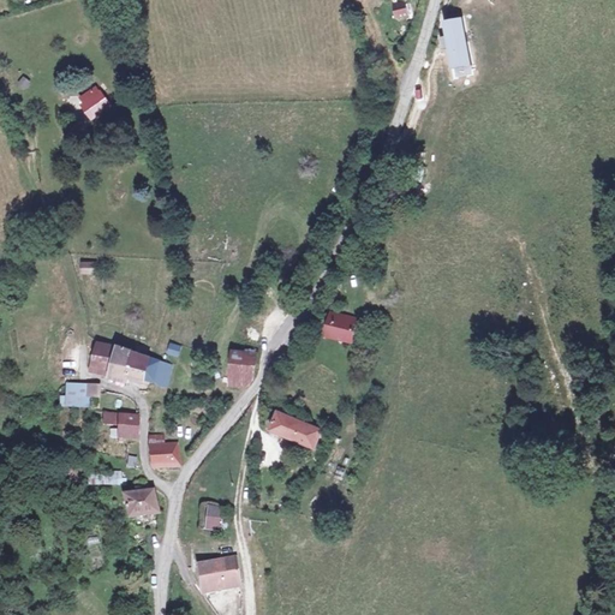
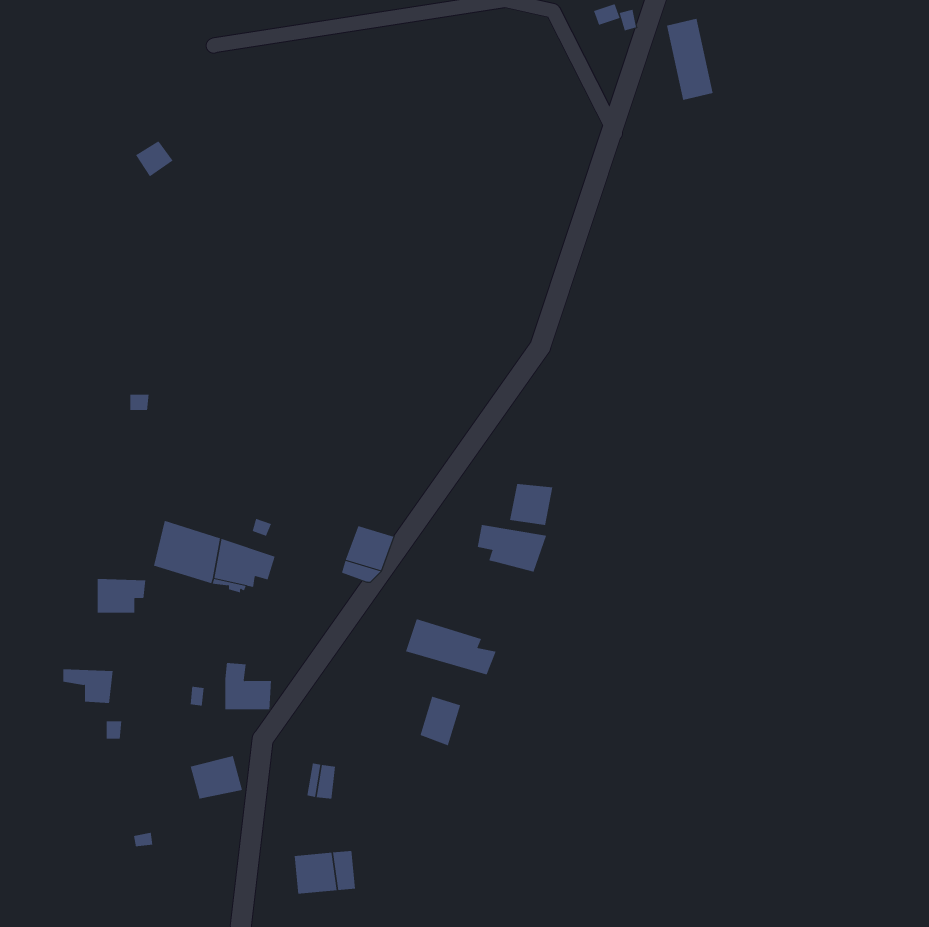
building: none -> [477,524,547,572]
building: [101,413,135,436] -> [62,669,113,704]
building: none -> [420,696,461,746]

